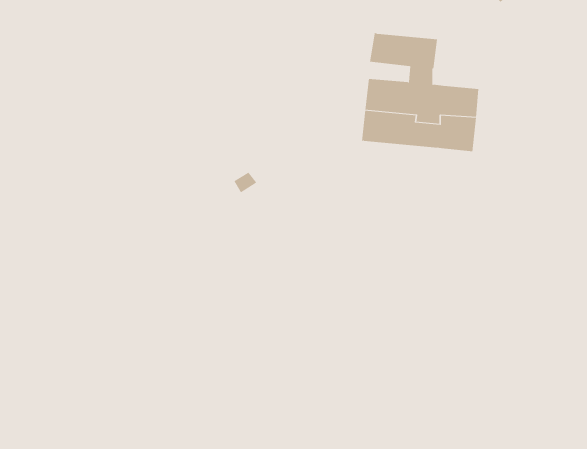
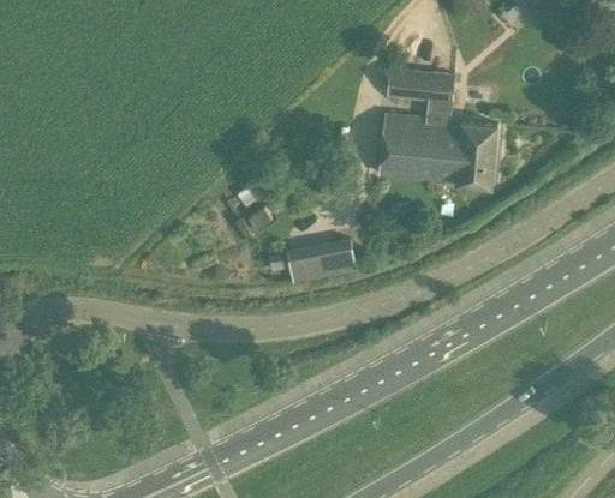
building: none -> [286,240,353,280]

